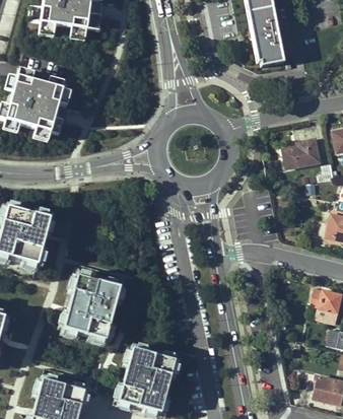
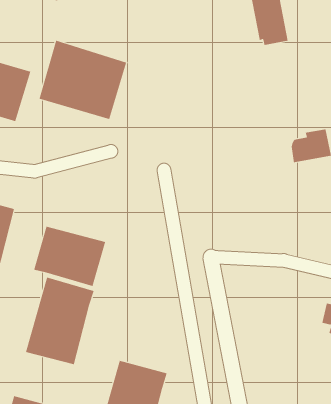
building: none -> [39,40,127,120]
building: none -> [34,226,106,287]

